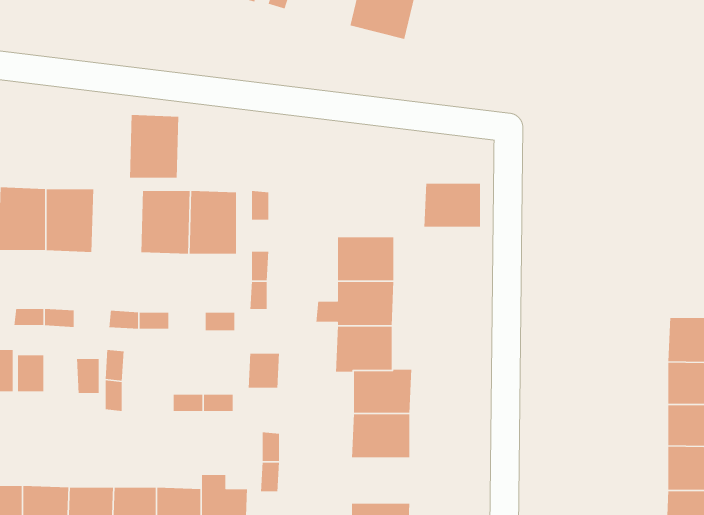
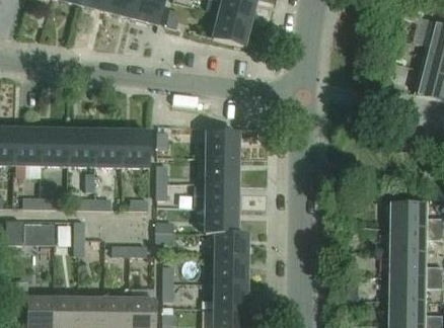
building: [129,114,179,179] -> [66,130,94,166]
building: [424,183,481,227] -> [205,132,237,157]
building: none -> [213,282,246,308]

